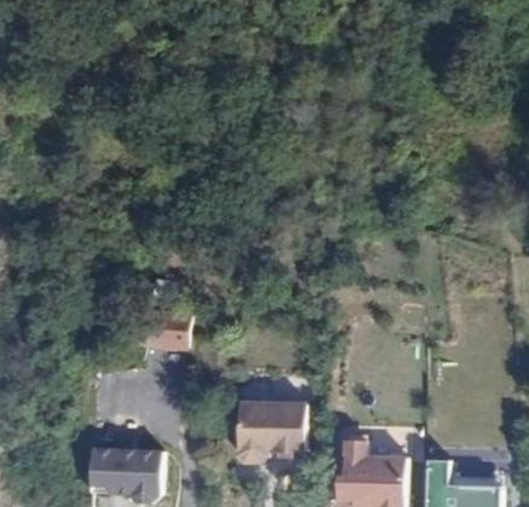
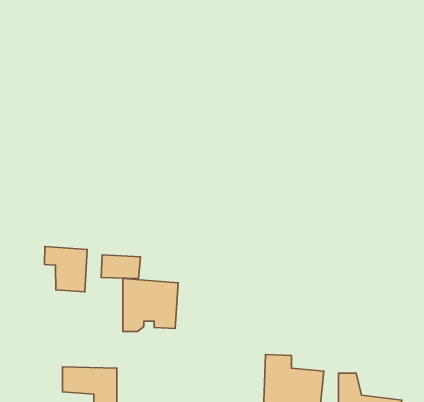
building: none -> [45,247,87,292]
building: [243,404,307,466] -> [123,279,178,332]

